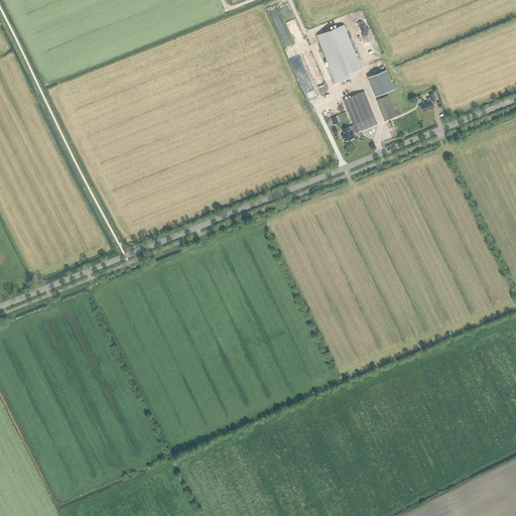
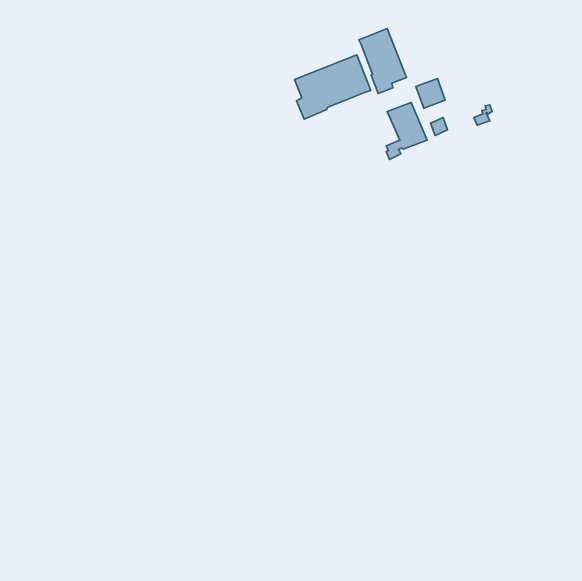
building: none -> [294,55,371,119]

